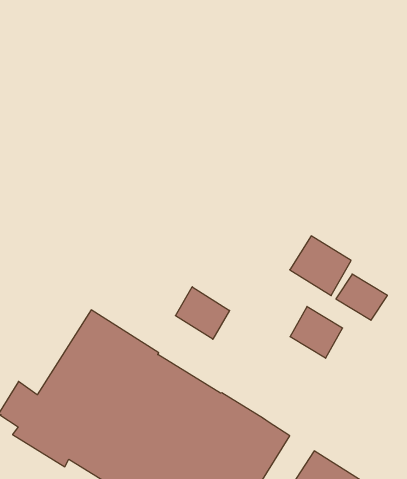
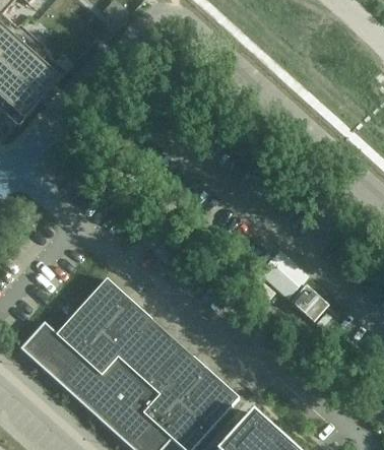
building: [175,287,230,339] -> none
building: [290,306,343,358] -> none

